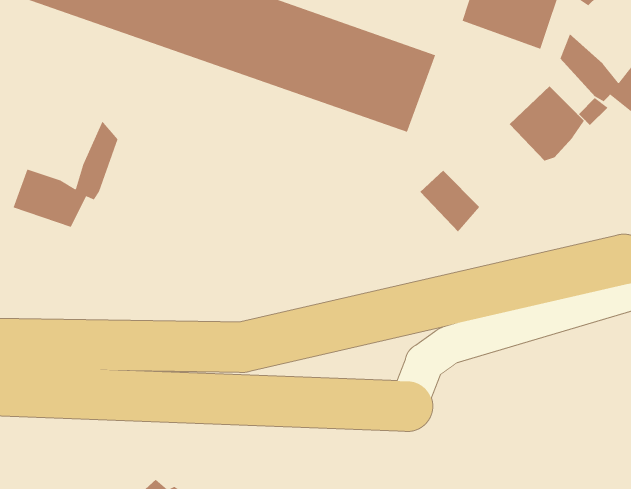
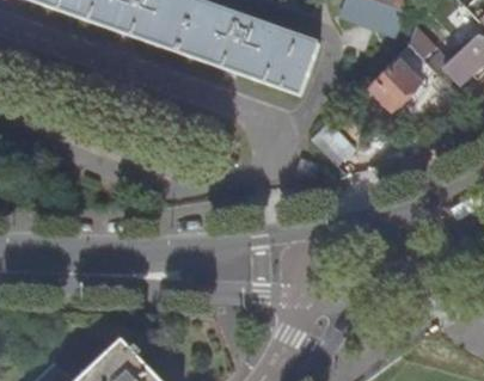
building: [12,120,118,228] -> none

